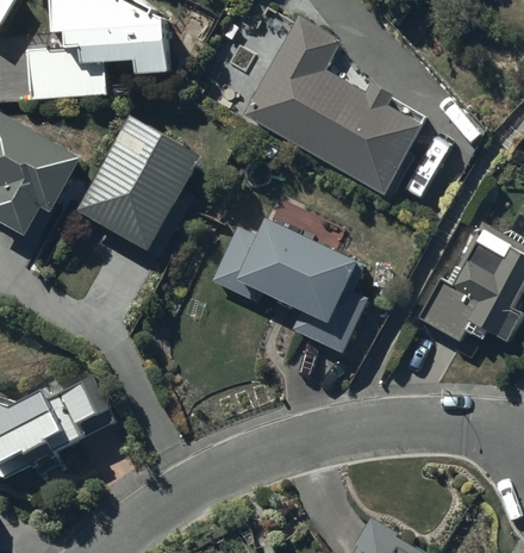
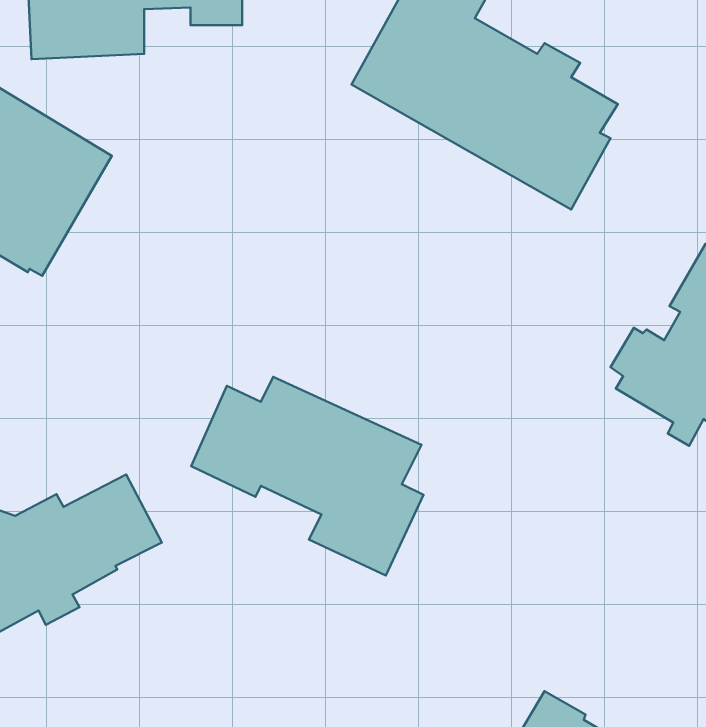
building: [76,117,201,254] -> none
building: [212,219,367,352] -> [191,377,423,575]

